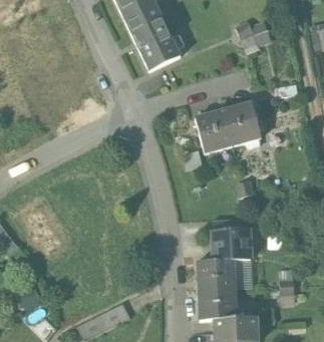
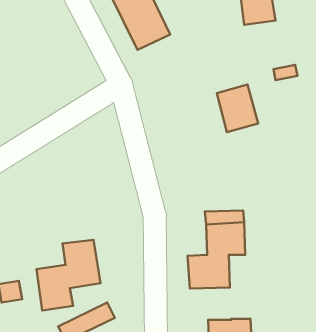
building: [195,110,233,154] -> none
building: none -> [37,240,101,311]
building: [199,290,237,321] -> none

